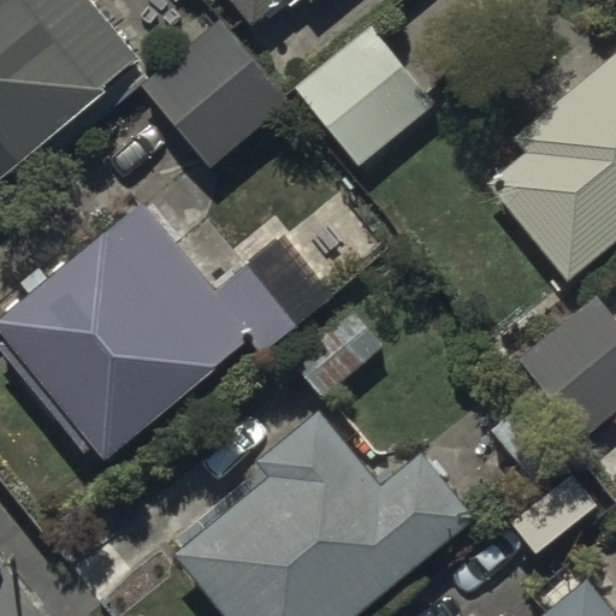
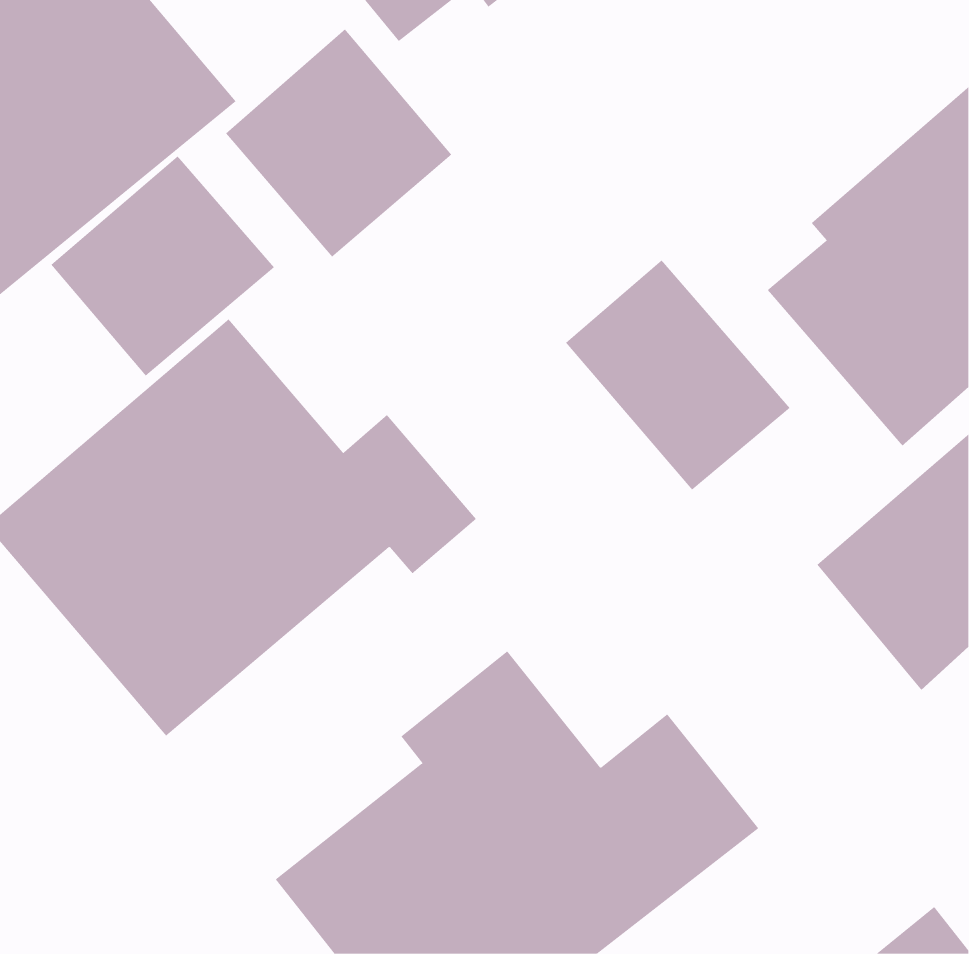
building: [292,24,434,164] -> none
building: none -> [50,156,275,376]
building: none -> [565,260,790,491]

